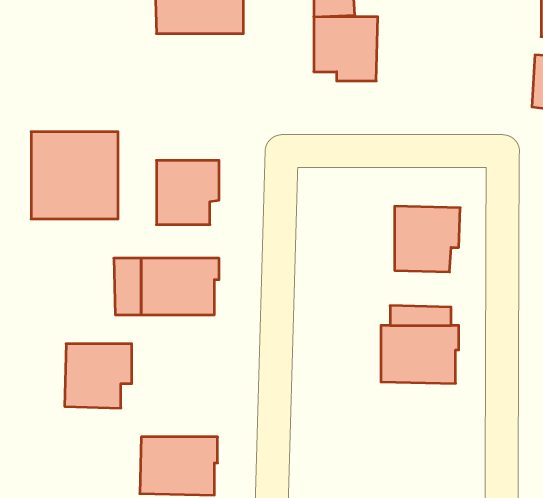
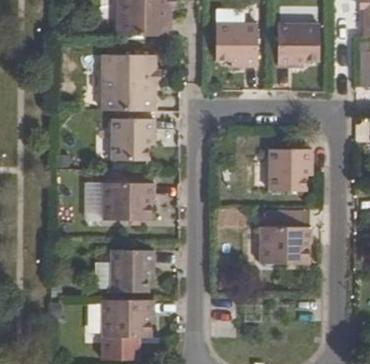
building: none -> [277,24,319,67]
building: [31,132,118,219] -> [98,54,155,111]
building: [65,344,132,408] -> [110,251,154,293]

